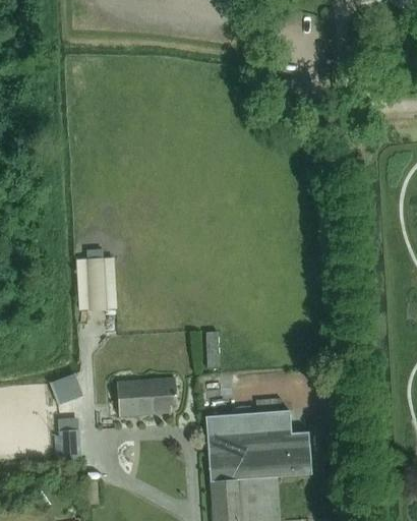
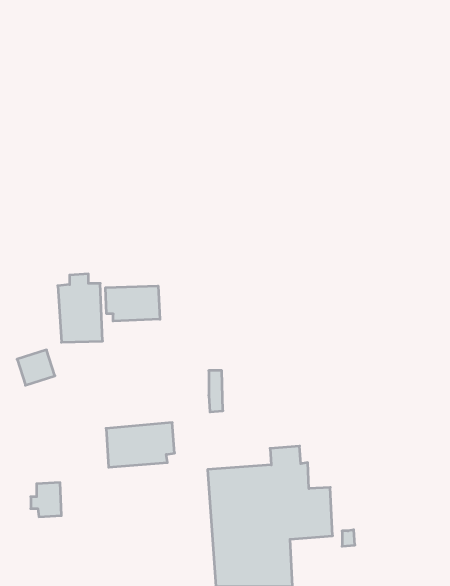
building: none -> [106,286,160,321]
building: [52,370,84,401] -> [17,350,55,385]

